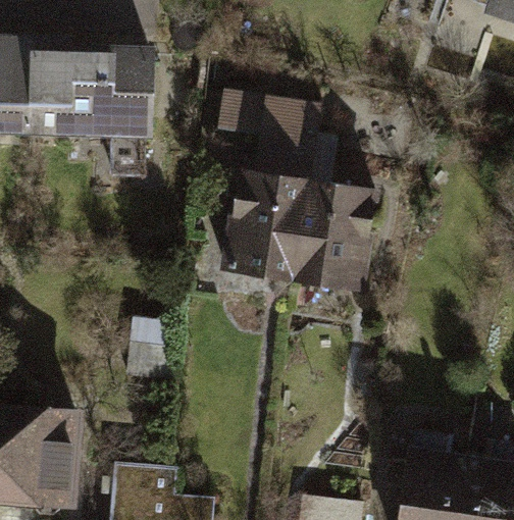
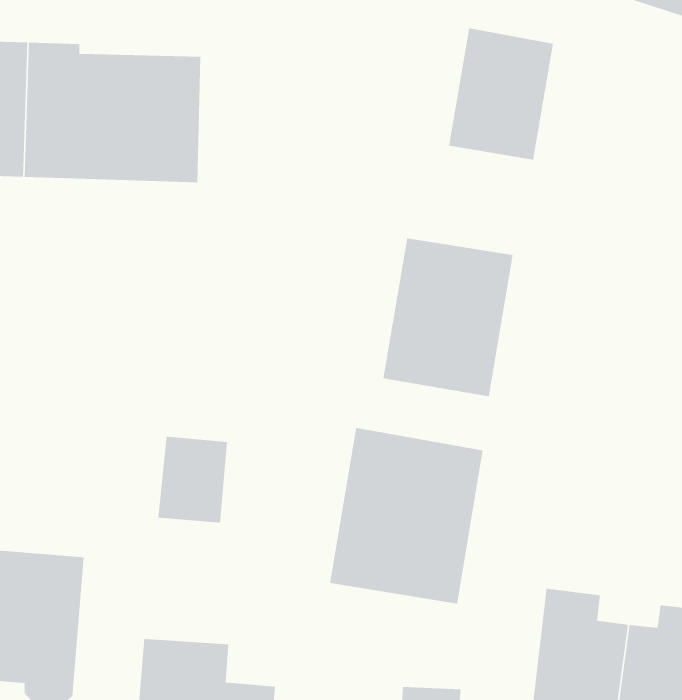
building: none -> [448,28,554,161]
building: [215,95,318,282] -> none
building: none -> [330,427,483,605]

